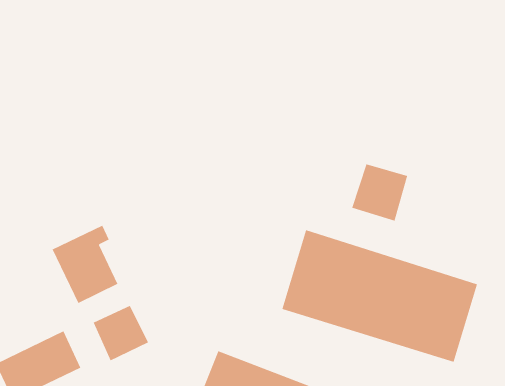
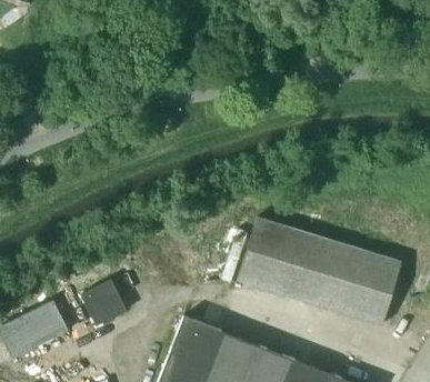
building: [352,163,408,222] -> none
building: [52,225,118,304] -> none

